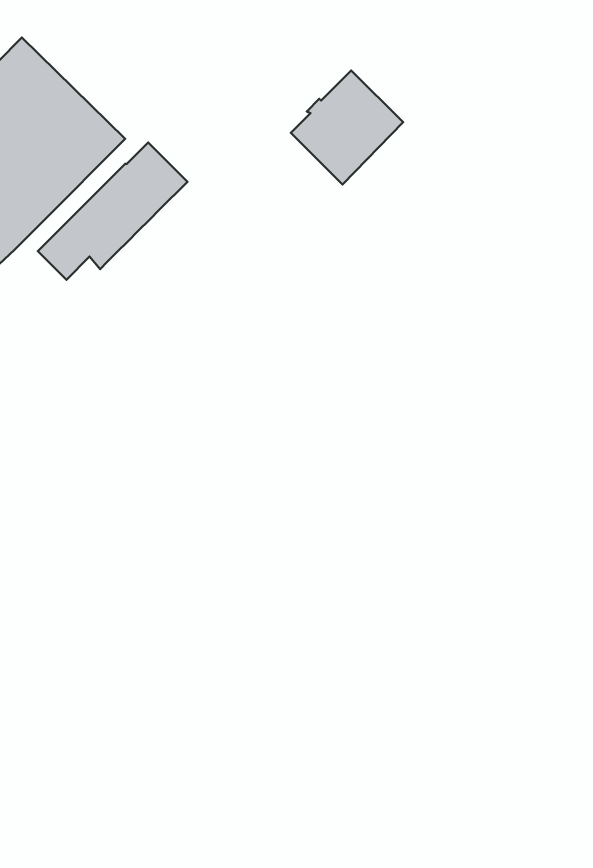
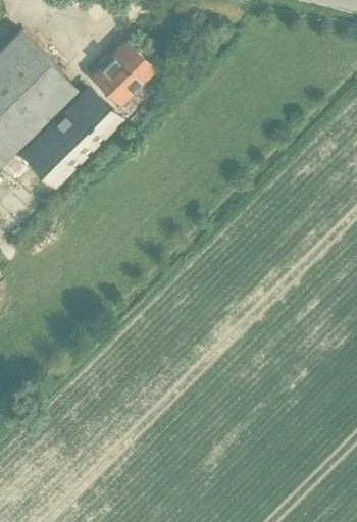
building: [291,70,403,184] -> [91,42,155,107]

